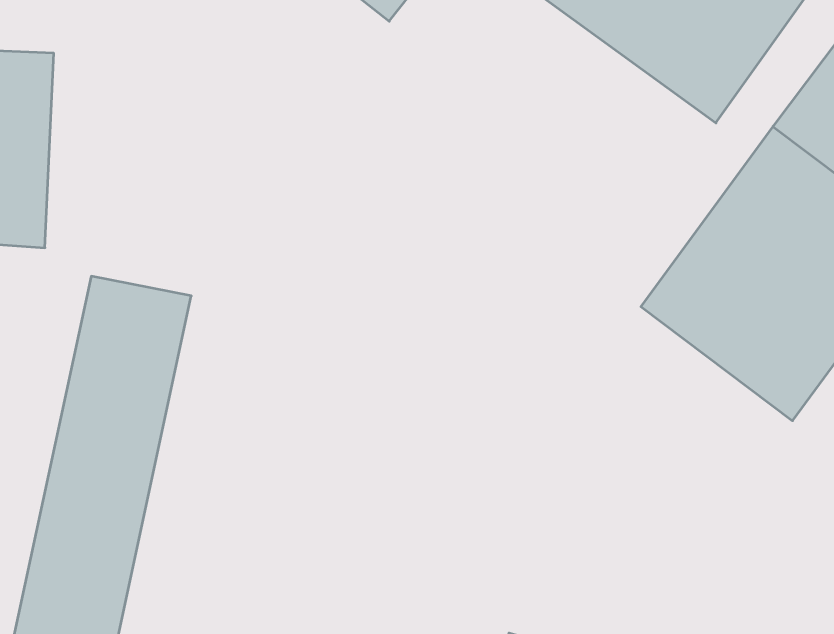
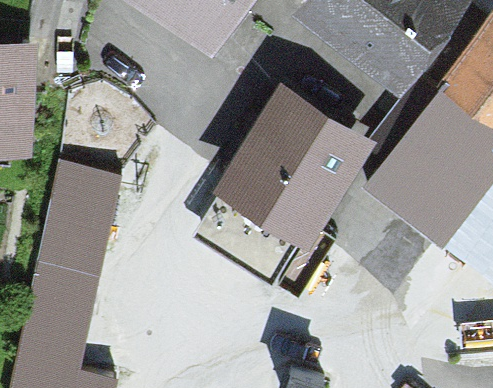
building: none -> [227,82,378,236]

